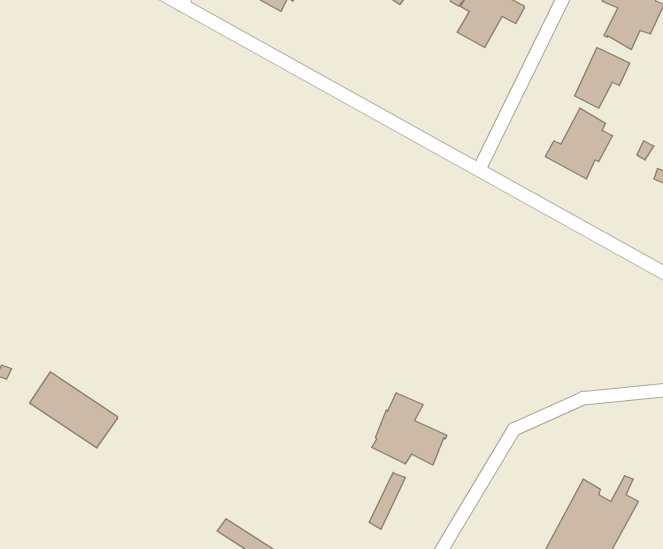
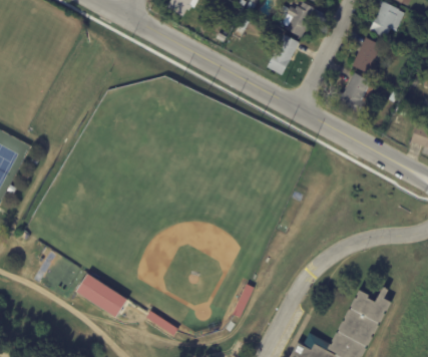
building: none -> [267,34,300,75]
building: [30,372,118,448] -> [76,273,127,317]
building: [372,393,447,465] -> none

